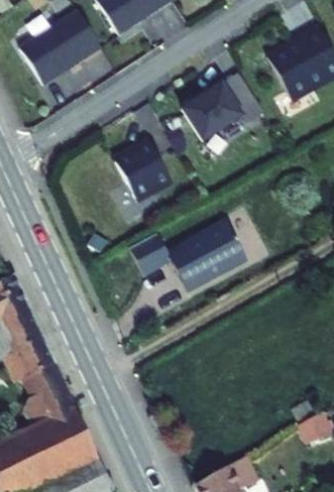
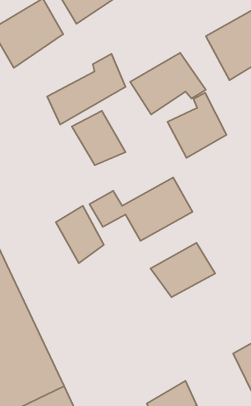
building: none -> [47,54,125,125]
building: none -> [168,93,226,158]
building: none -> [56,206,104,263]
building: none -> [150,243,215,297]

